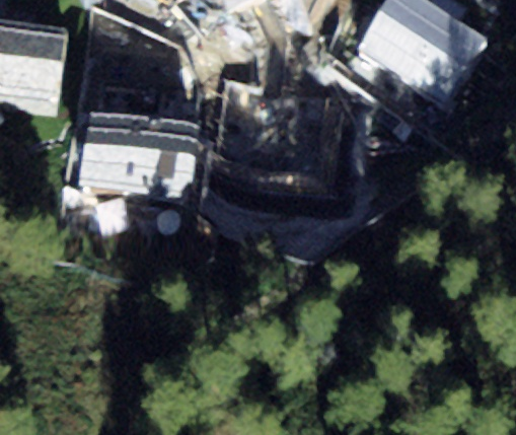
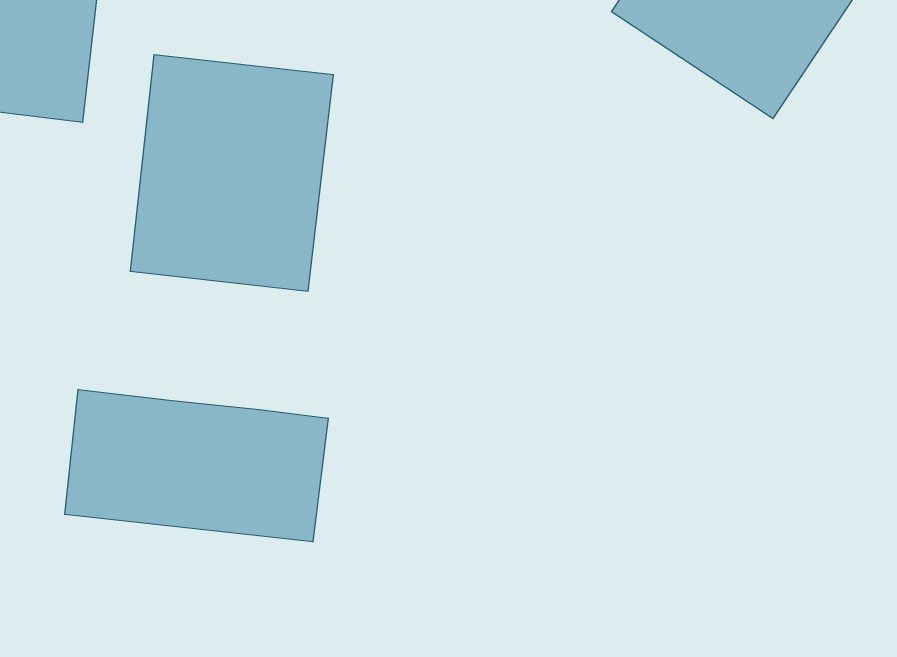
building: none -> [65,389,328,542]

